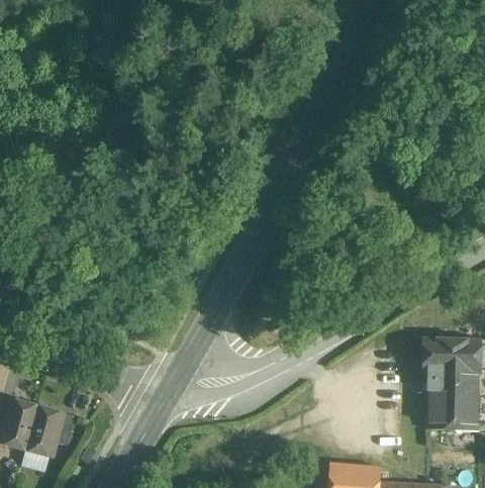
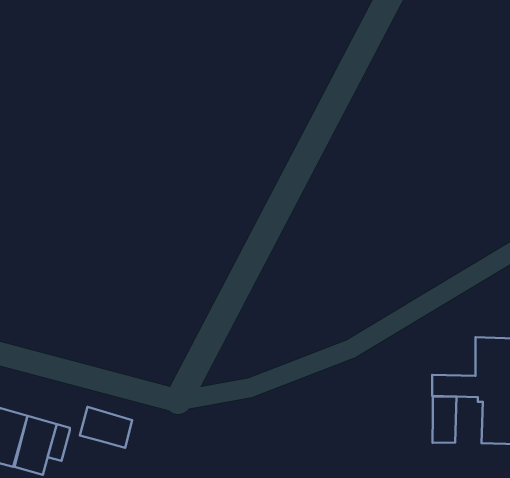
building: none -> [433,396,456,443]
building: none -> [80,407,132,448]

